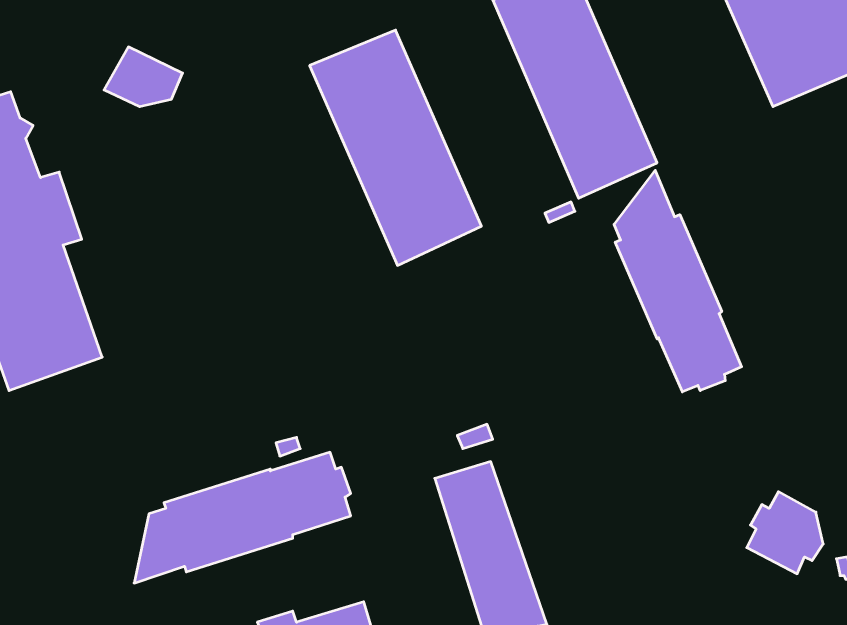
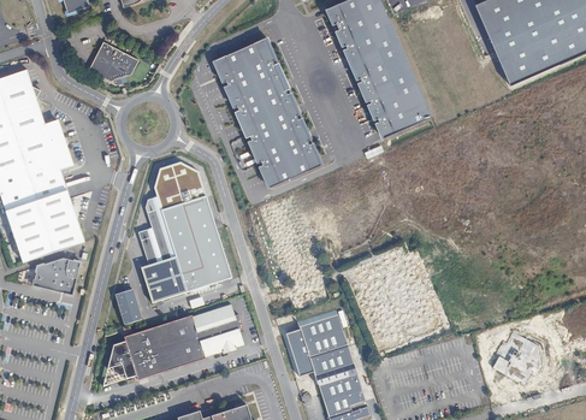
building: [614,170,742,392] -> none
building: none -> [135,172,226,303]
building: none -> [31,255,81,294]
building: none -> [112,288,138,321]

